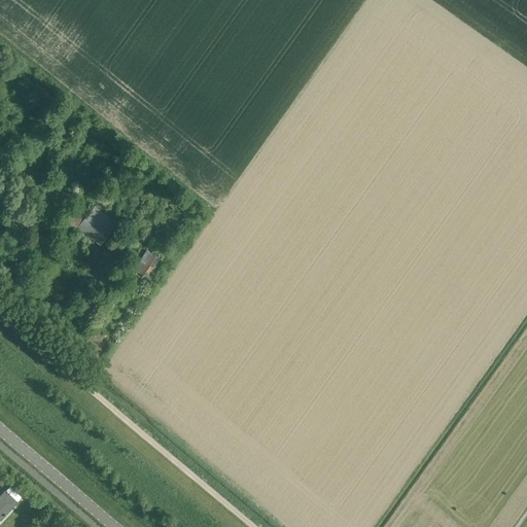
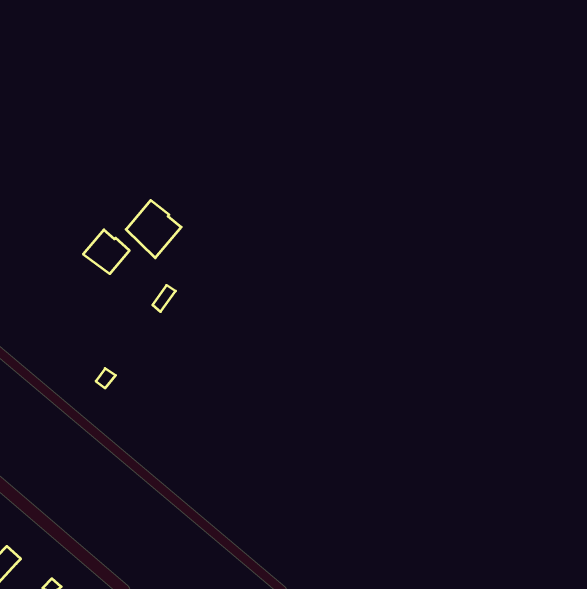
building: none -> [126,200,181,258]

